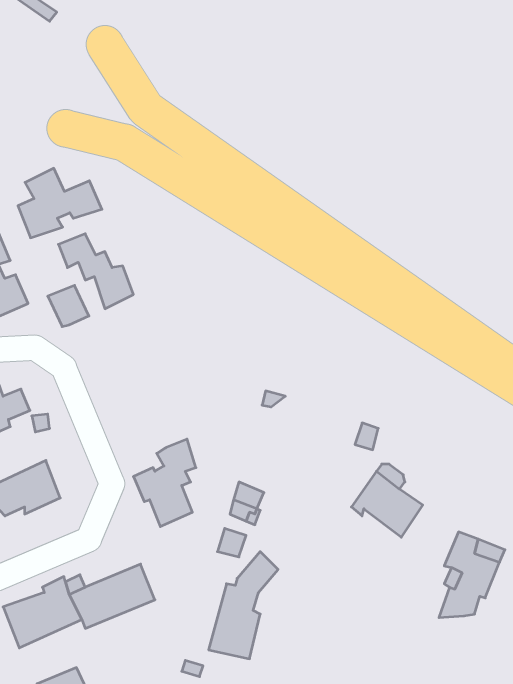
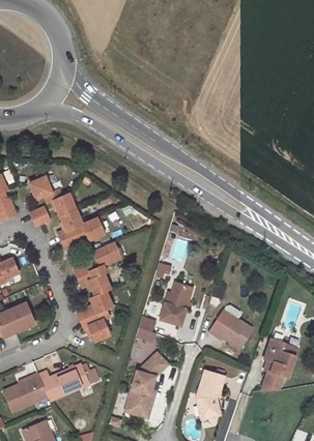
building: [18,168,102,238] -> [58,207,107,247]
building: none -> [79,241,126,296]
building: none -> [155,282,187,325]
building: none -> [195,371,224,421]

